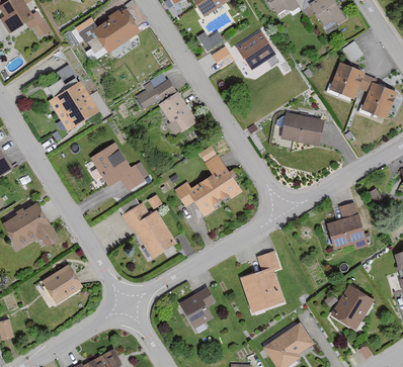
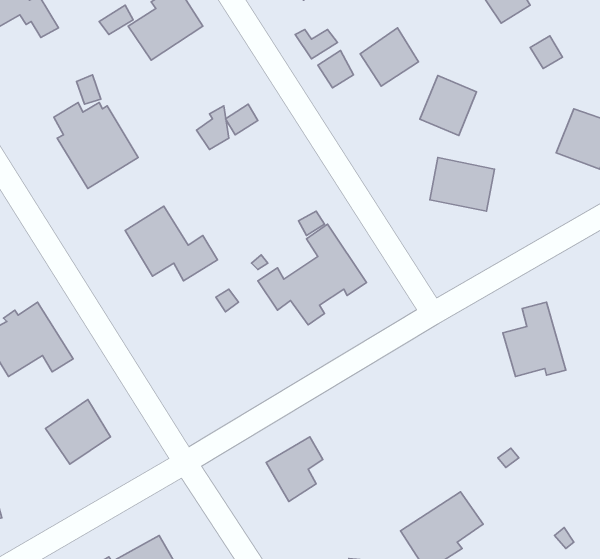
building: [329,63,365,100] -> [420,75,477,135]
building: [159,92,196,134] -> none
building: [118,199,177,259] -> none
building: [240,250,285,311] -> none
building: [331,285,374,329] -> none

